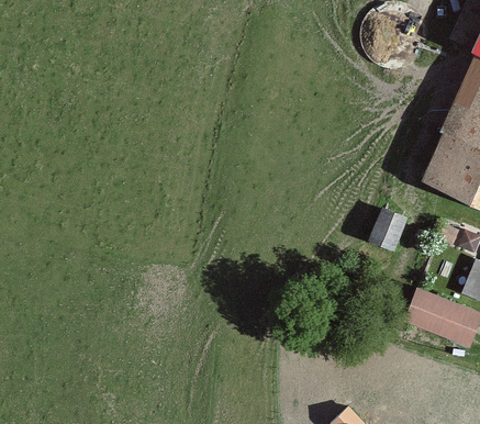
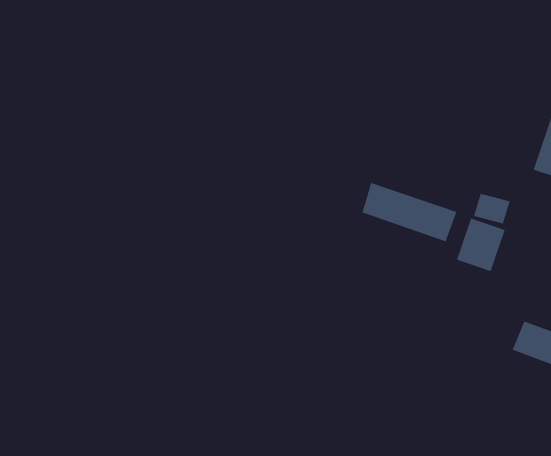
building: none -> [362,182,457,242]

